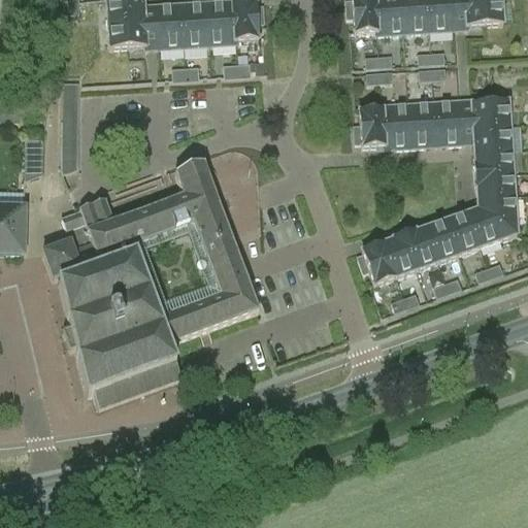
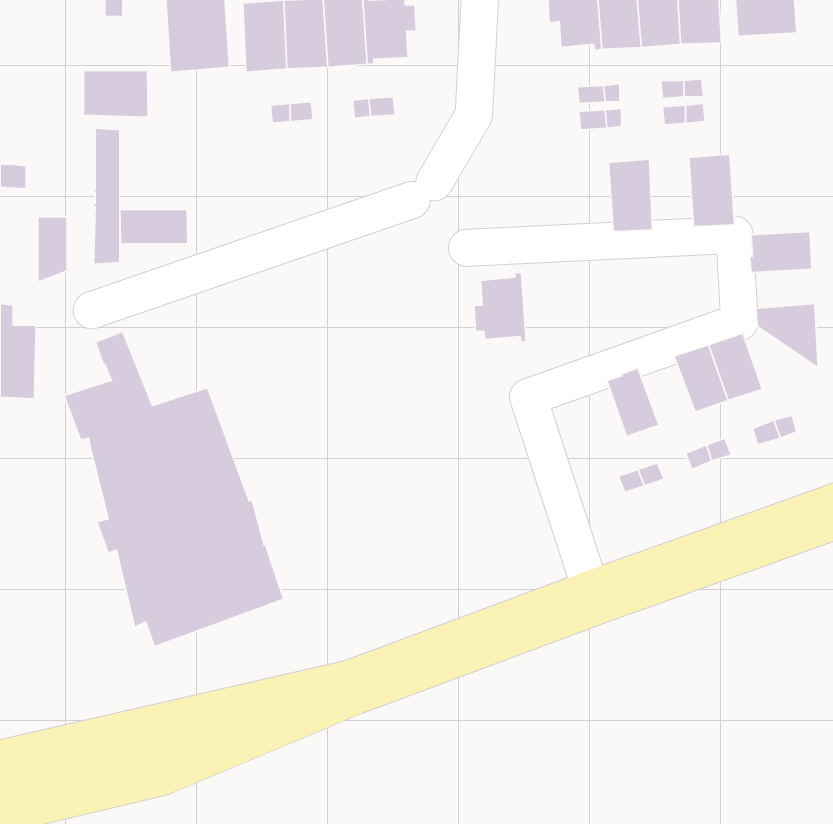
building: none -> [84,71,148,117]
building: [472,98,513,147] -> none
building: [411,99,439,144] -> none
building: [356,102,389,146] -> [474,272,526,343]
building: none -> [120,210,188,244]
building: [80,160,260,342] -> none
building: [475,169,516,194] -> none
building: [470,205,518,244] -> none
building: [404,224,440,267] -> none
building: [359,239,397,283] -> none

